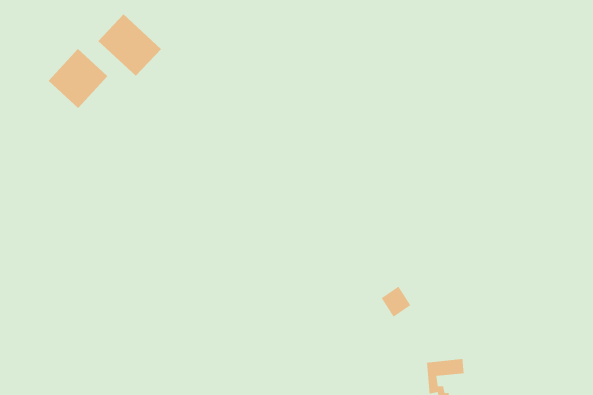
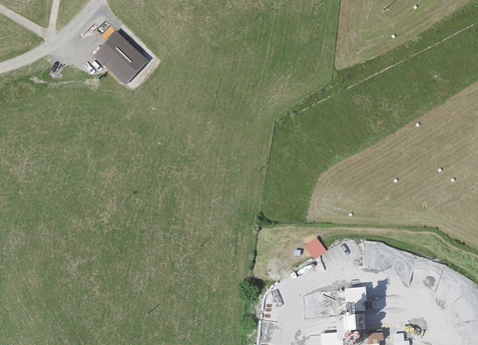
building: [48,48,108,109] -> none

